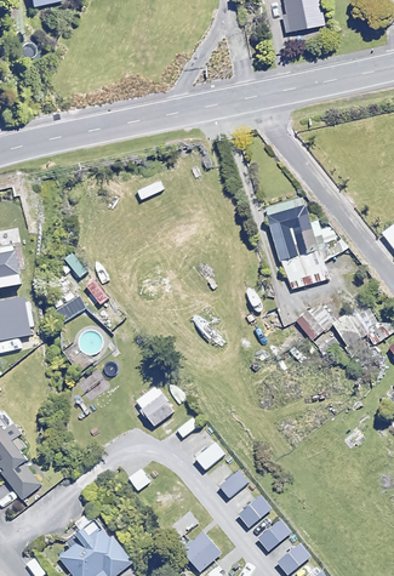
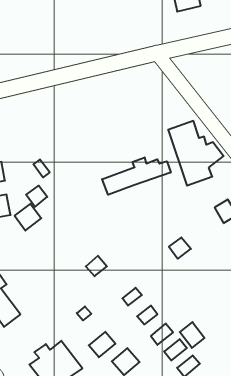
building: none -> [102,157,171,195]
building: [297,308,330,340] -> [169,237,191,259]
building: none -> [15,204,41,231]
building: none -> [180,322,204,348]
building: none -> [89,332,115,357]

